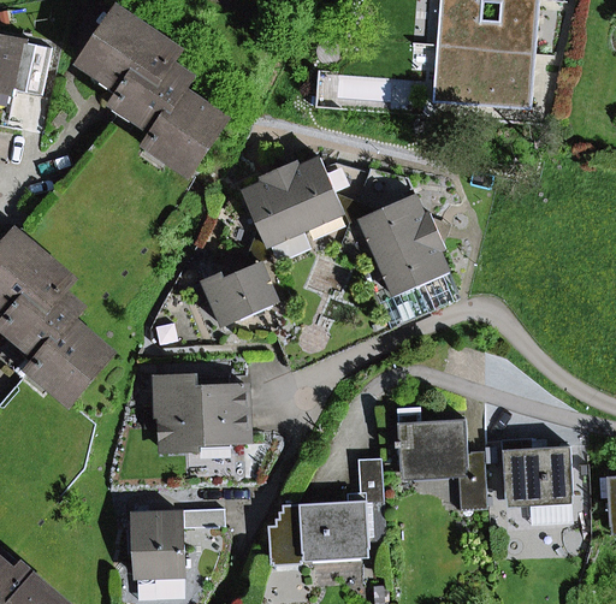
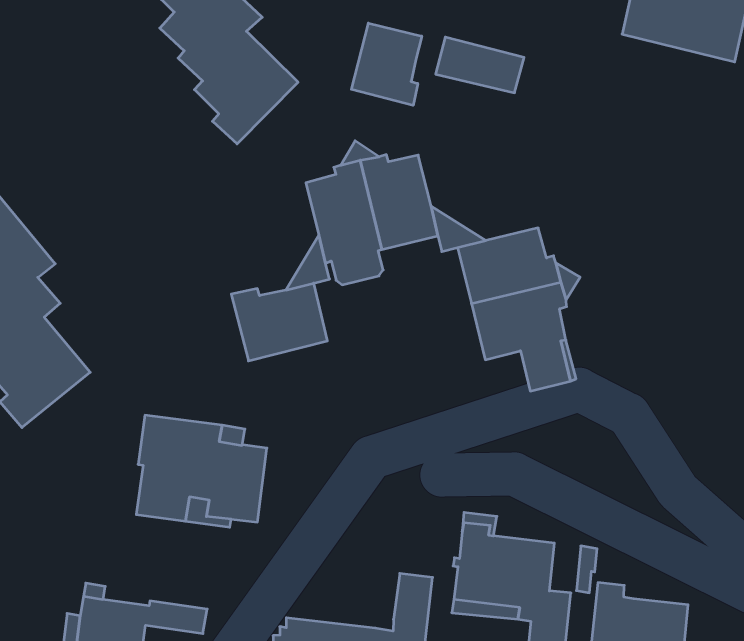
building: [445,46,534,109] -> none
building: none -> [351,23,422,105]

